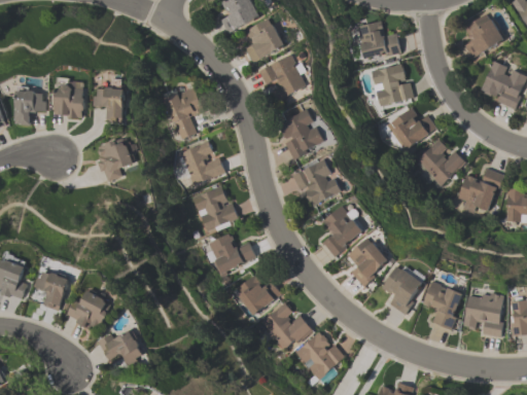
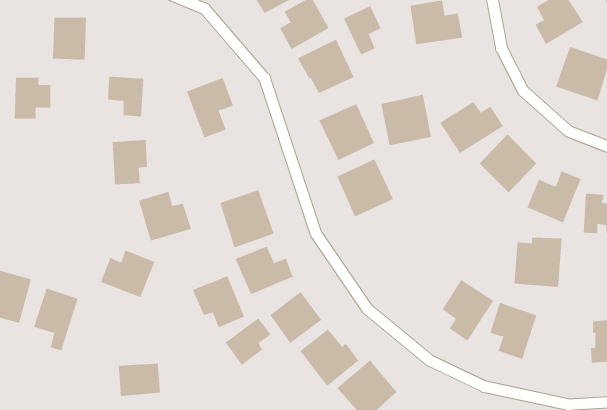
building: none -> [343,5,381,56]
building: [368,62,413,106] -> [381,94,432,146]
building: [55,80,84,117] -> [52,17,87,60]
building: [178,142,224,185] -> [138,191,192,241]
building: [320,204,366,258] -> none
building: [347,237,391,286] -> none
building: none -> [192,275,245,328]
building: [66,291,113,332] -> [100,250,155,298]
building: [463,292,505,335] -> [513,237,562,287]
building: none -> [225,317,272,366]

